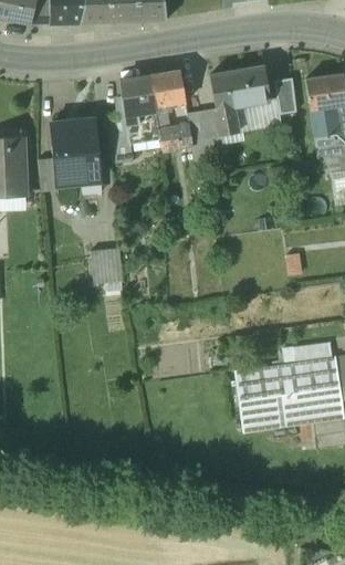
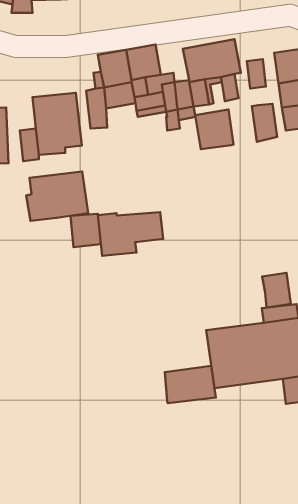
building: none -> [252,104,277,142]
building: none -> [195,109,233,149]
building: none -> [26,172,88,221]
building: none -> [98,212,163,256]
building: none -> [262,273,291,308]
building: none -> [165,366,216,403]

